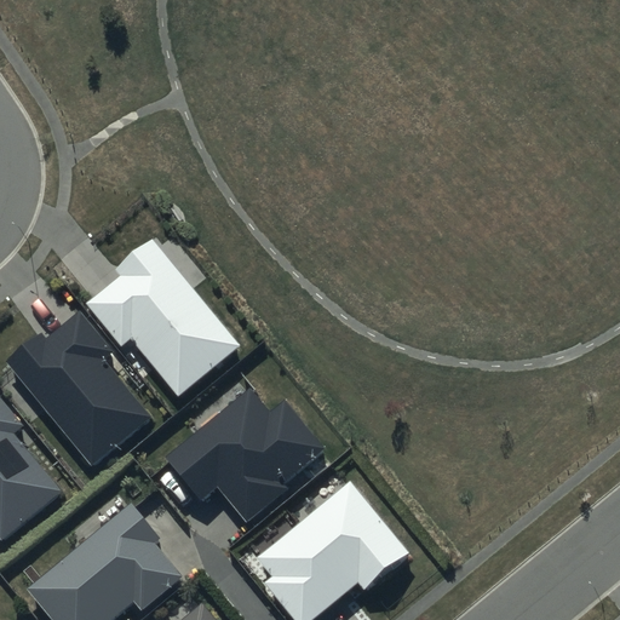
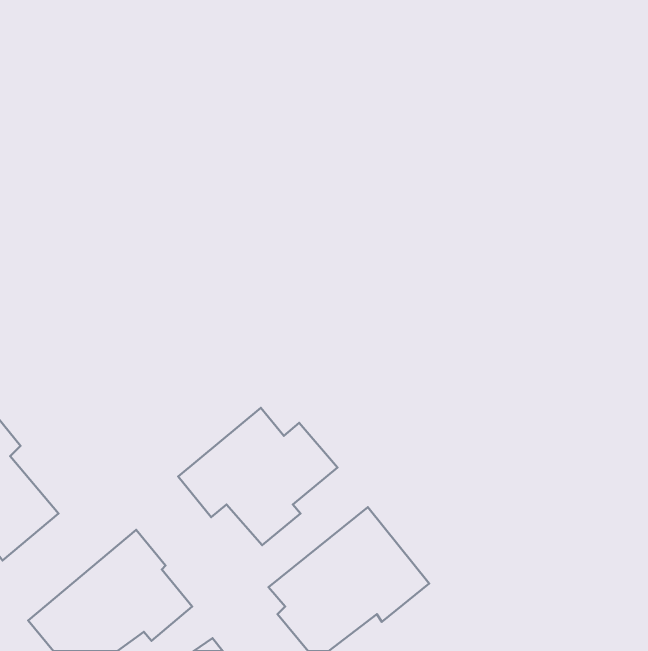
building: [86,240,240,397] -> none
building: [6,316,147,460] -> none

